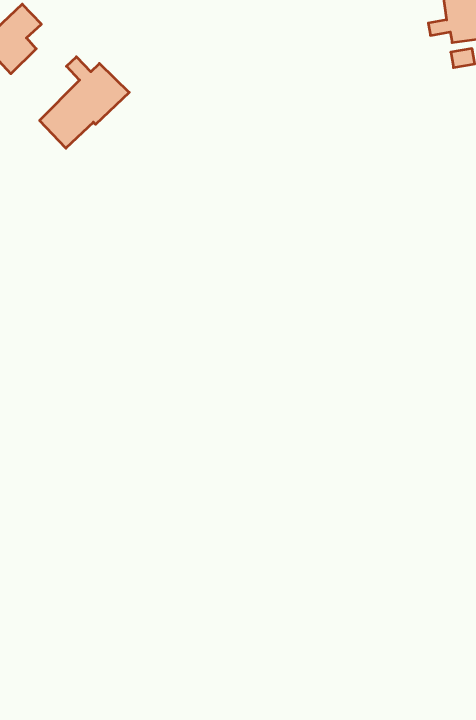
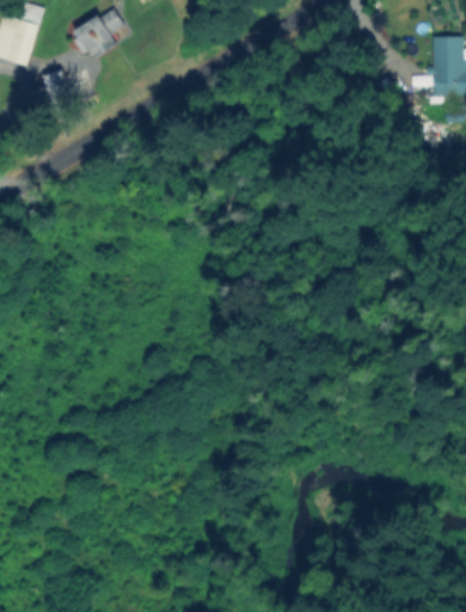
building: [40,57,129,148] -> none

